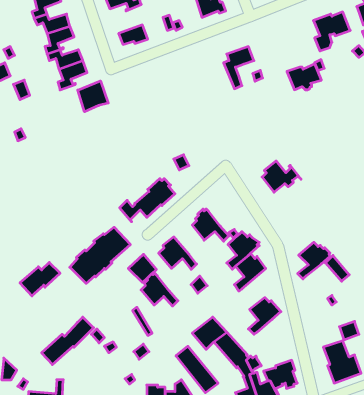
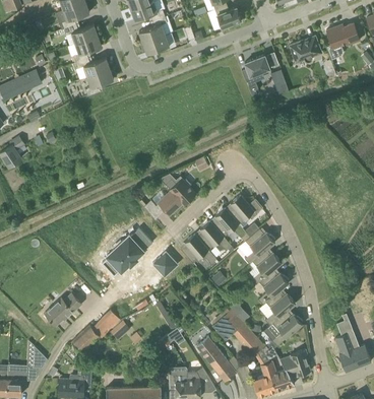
building: none -> [139,15,168,43]
building: [287,64,321,90] -> [290,38,322,62]
building: [78,81,108,112] -> none
building: [262,161,301,192] -> [228,194,264,223]
building: [298,242,330,279] -> [258,270,289,305]
building: [20,262,60,296] -> [45,293,82,325]
building: [141,274,178,306] -> [197,220,232,251]
building: none -> [264,311,303,345]

